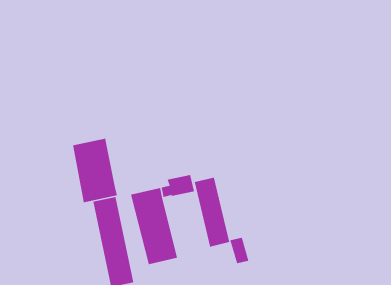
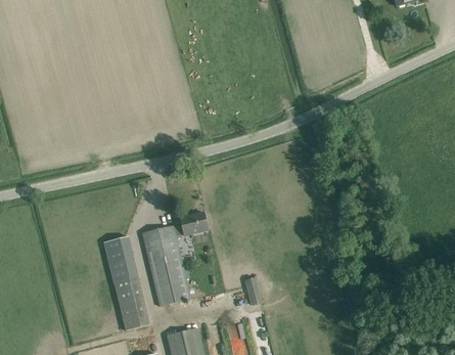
building: [72,138,118,203] -> none
building: [194,177,230,247] -> none

